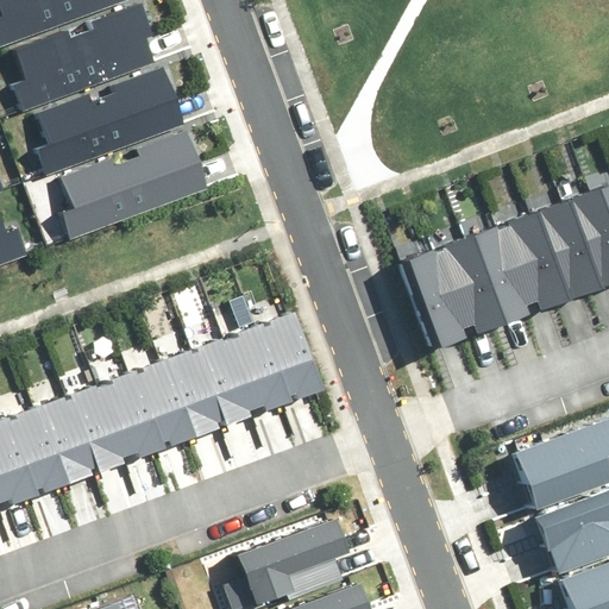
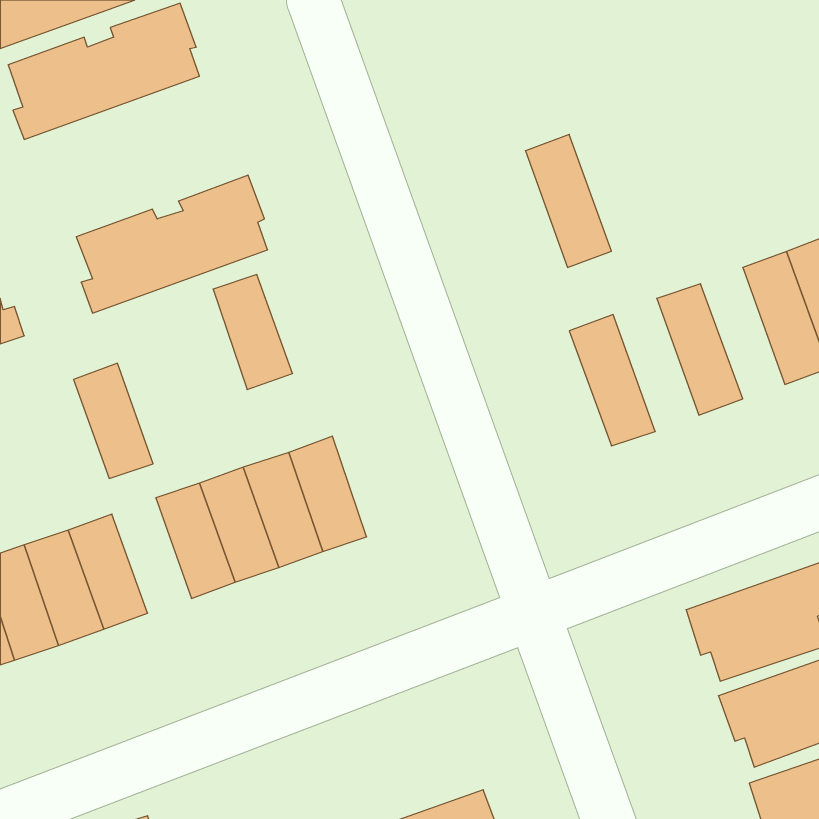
building: [36,73,176,174] -> none
building: [521,203,583,300] -> none
building: [457,226,520,324] -> [525,134,611,267]
building: [393,250,456,346] -> none
building: [251,316,309,401] -> [213,275,293,390]
building: [89,372,147,457] -> [74,363,153,478]
building: [241,519,350,602] -> none

